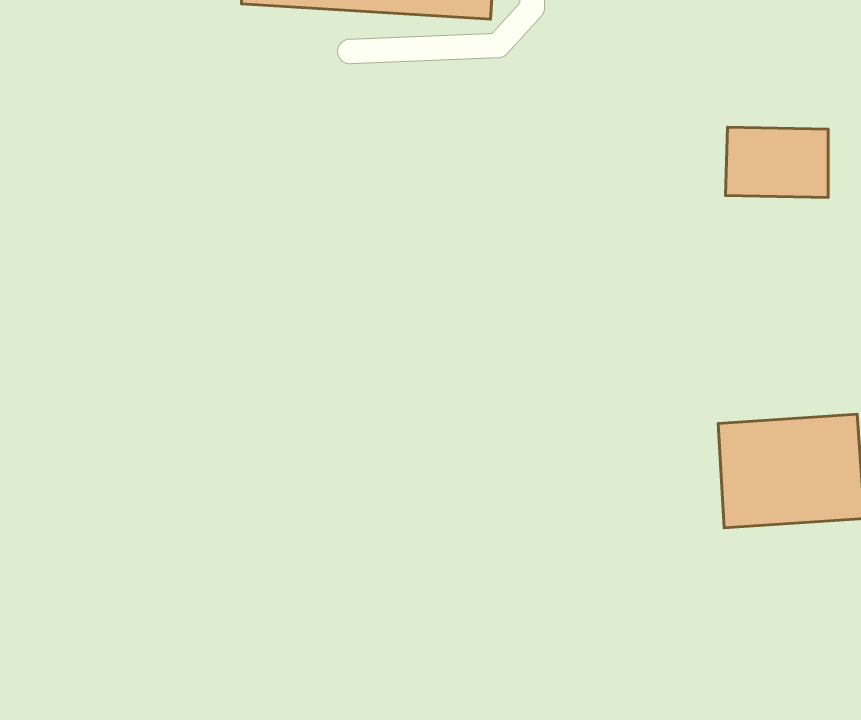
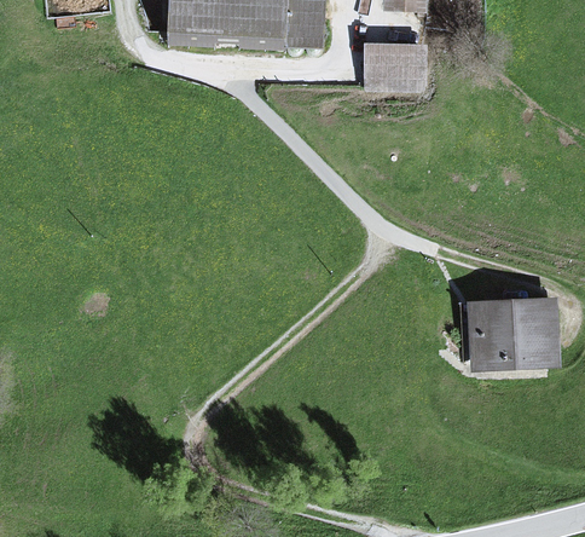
building: [725,127,828,197] -> [364,42,429,87]

